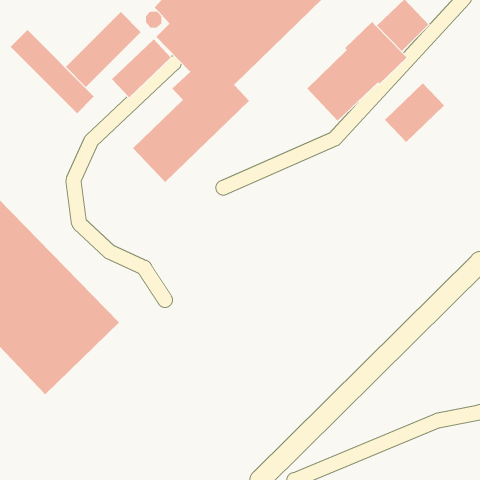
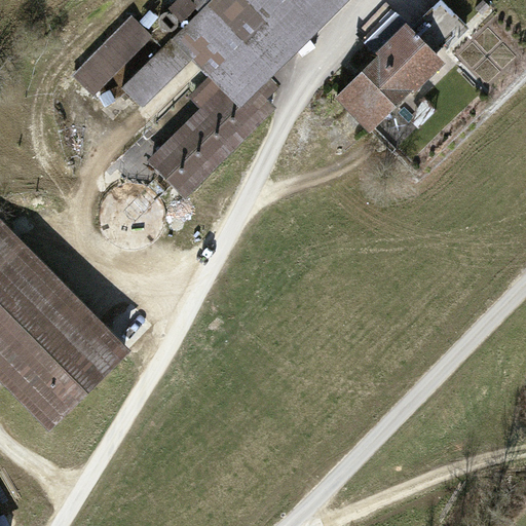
building: [10,29,95,114] -> none
building: [384,83,445,143] -> none

